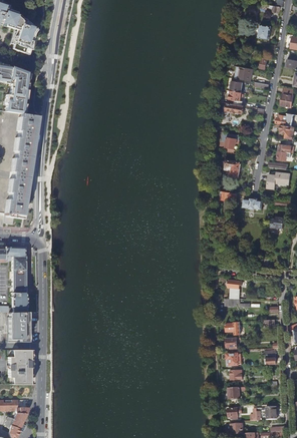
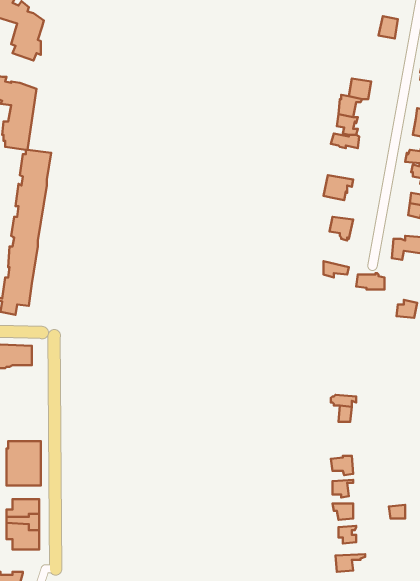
building: [12,260,26,311] -> none

